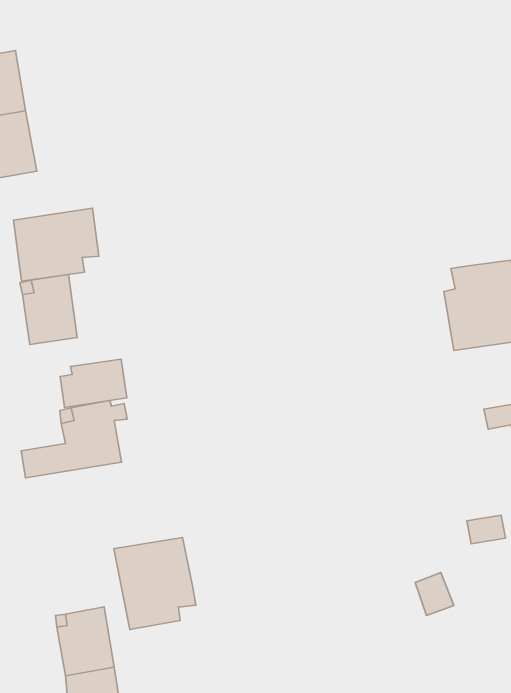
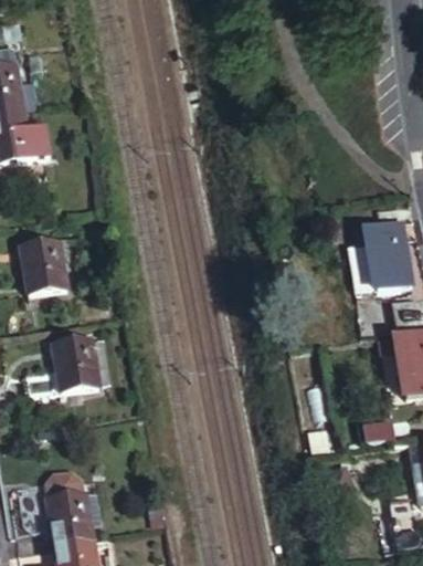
building: [13,208,99,281] -> none
building: [60,359,127,407] -> none
building: [114,537,196,629] -> none

